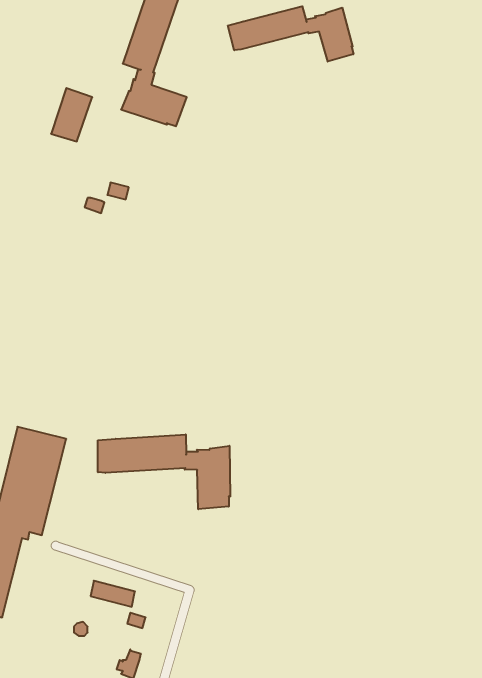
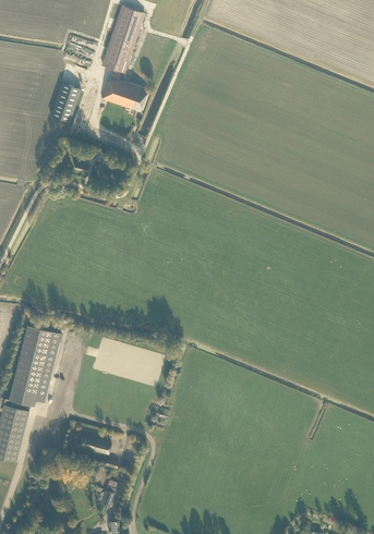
building: [228,6,353,62] -> none
building: [98,434,230,509] -> none

